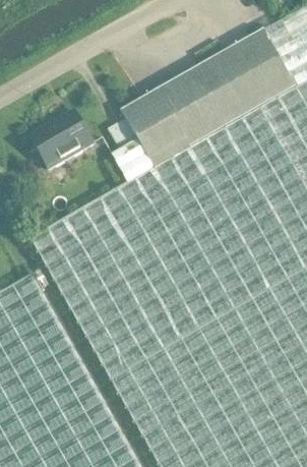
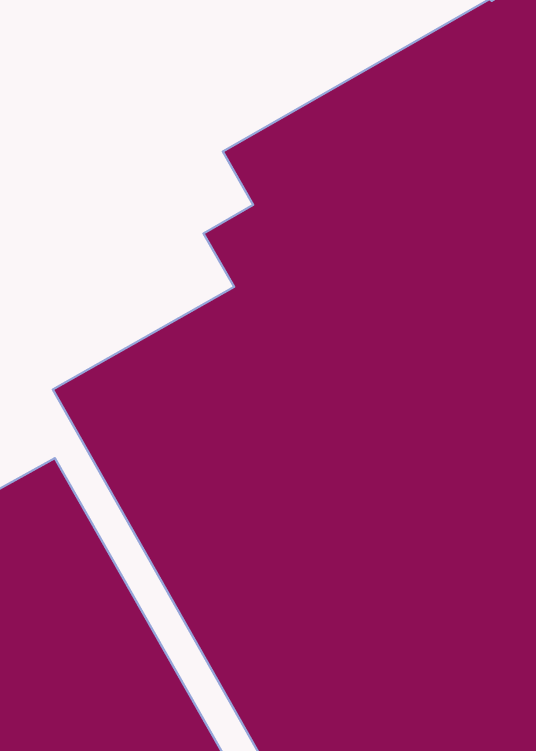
building: [29,112,93,170] -> none

